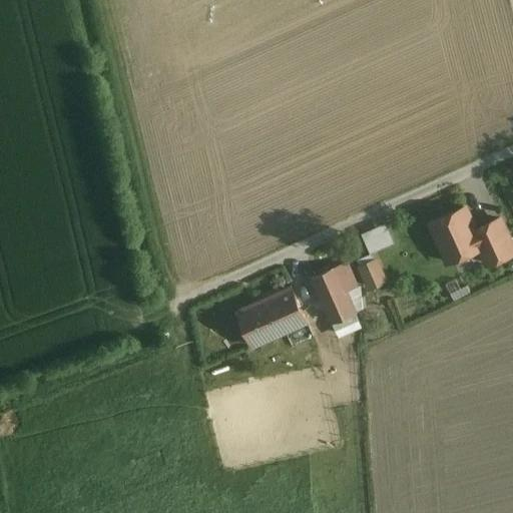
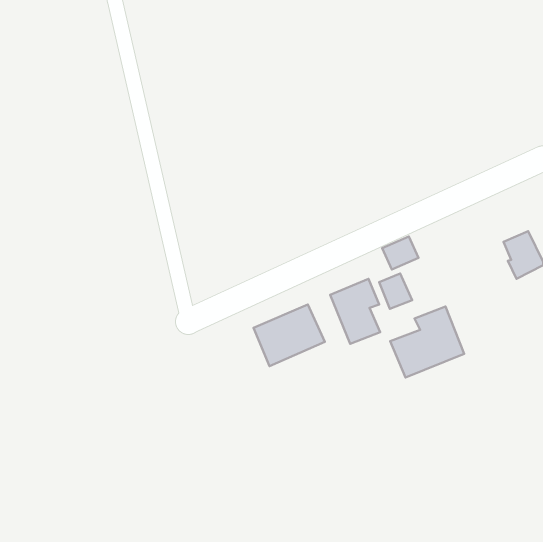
building: [429,208,481,262] -> none
building: none -> [390,306,464,377]

